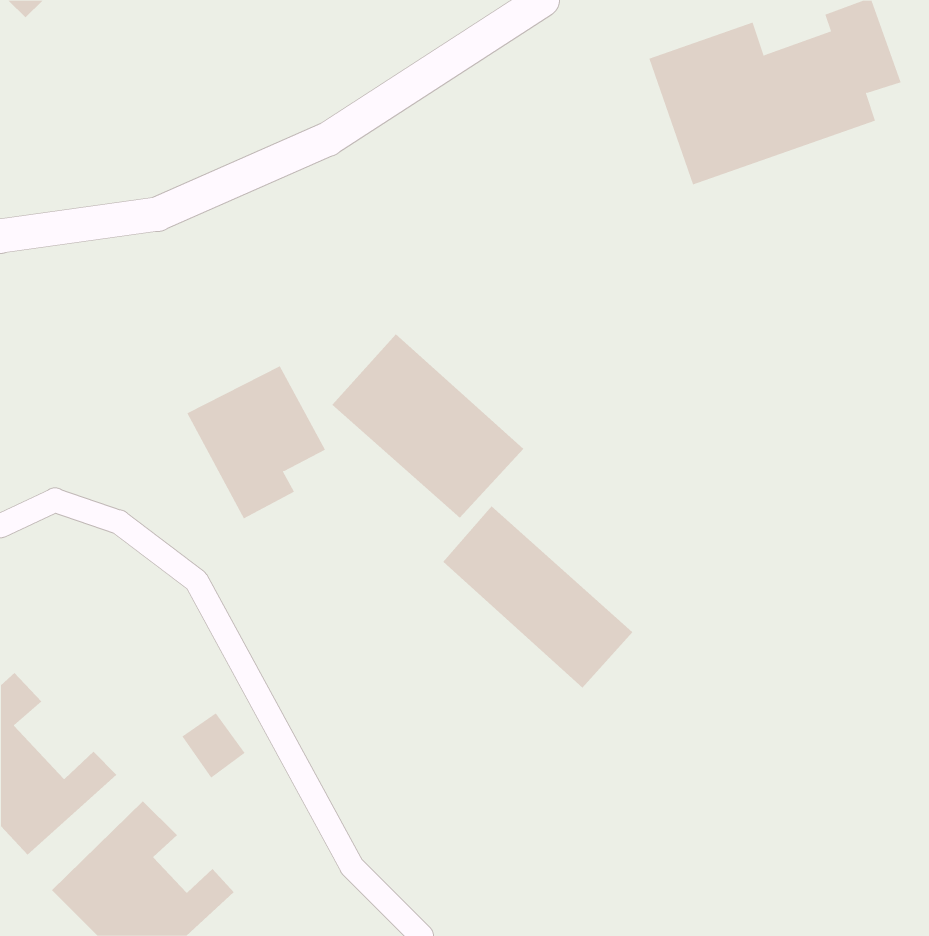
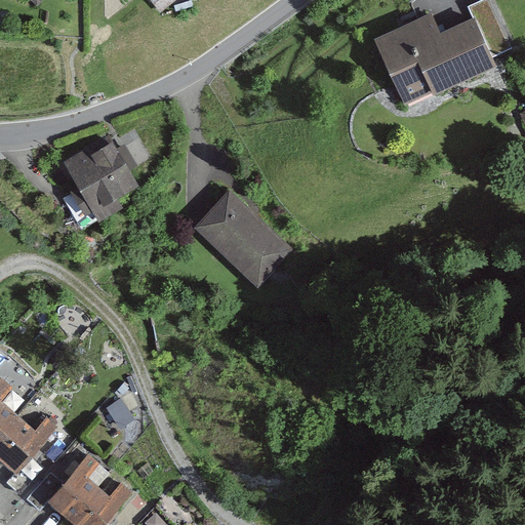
building: [187,365,326,519] -> [56,137,134,224]
building: [443,505,633,689] -> none

